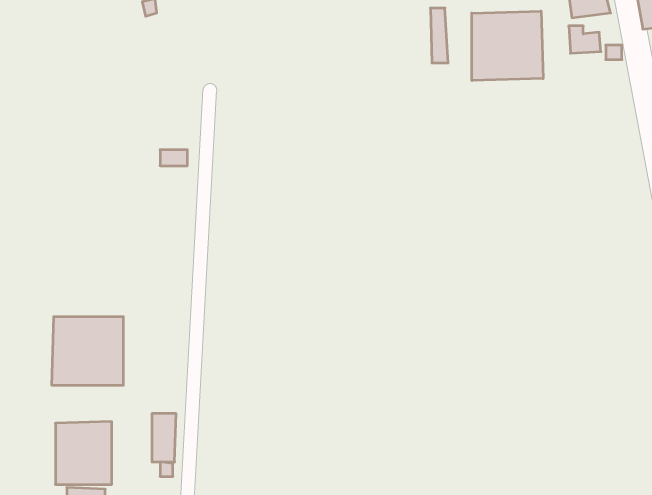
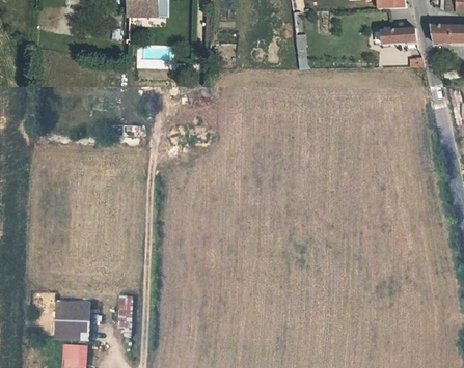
building: [472,11,543,81] -> none
building: [52,317,123,385] -> none

